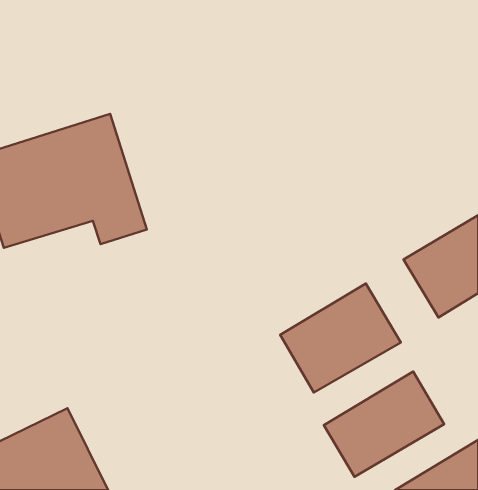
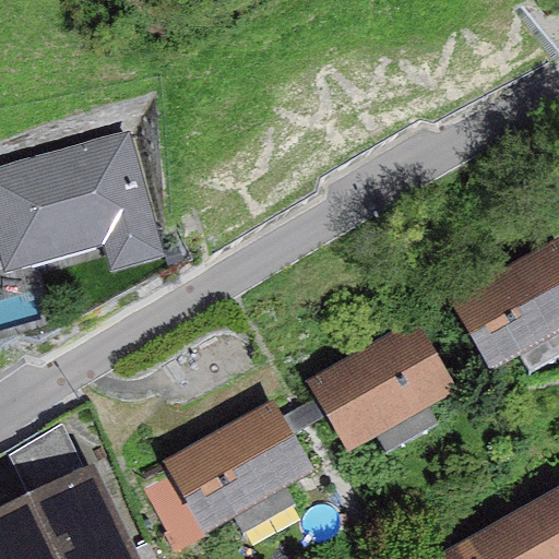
building: none -> [174,402,310,525]
building: [324,372,444,477] -> none

